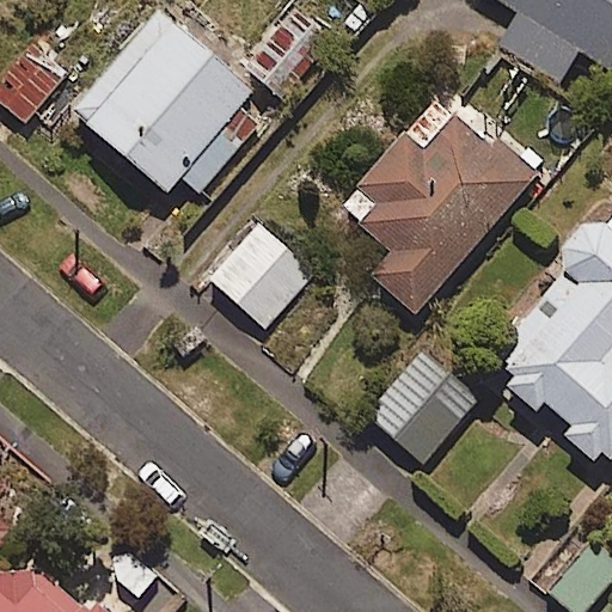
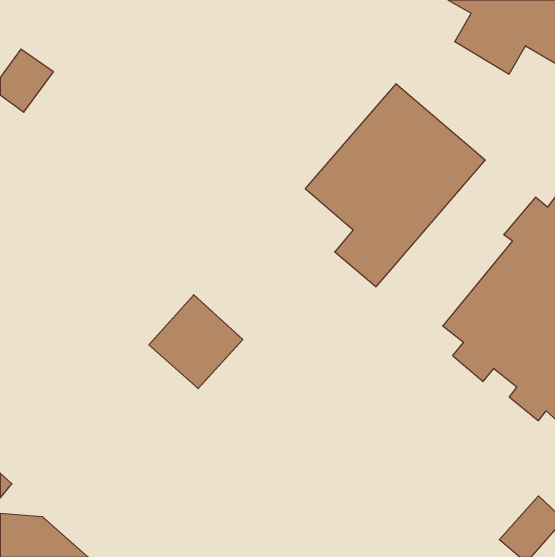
building: [68,7,255,195] -> none
building: [210,225,313,328] -> [149,295,243,389]
building: [368,349,481,464] -> none

